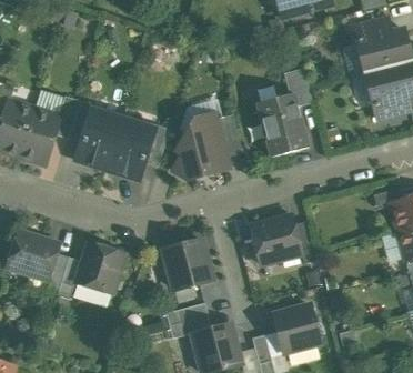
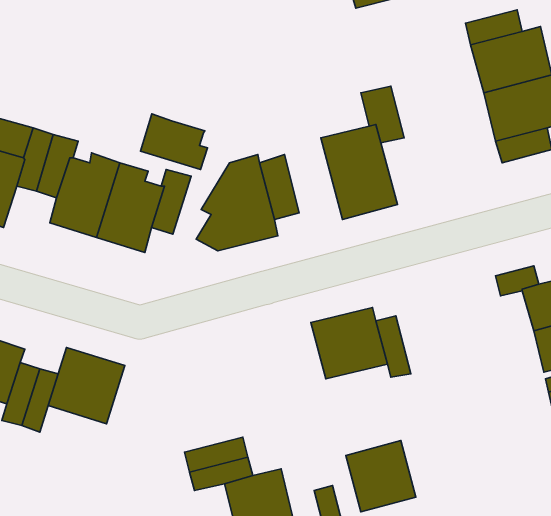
building: none -> [141,114,208,169]
building: [163,238,211,289] -> none

